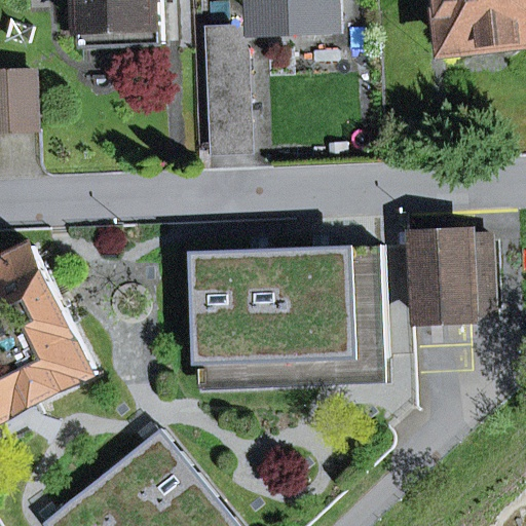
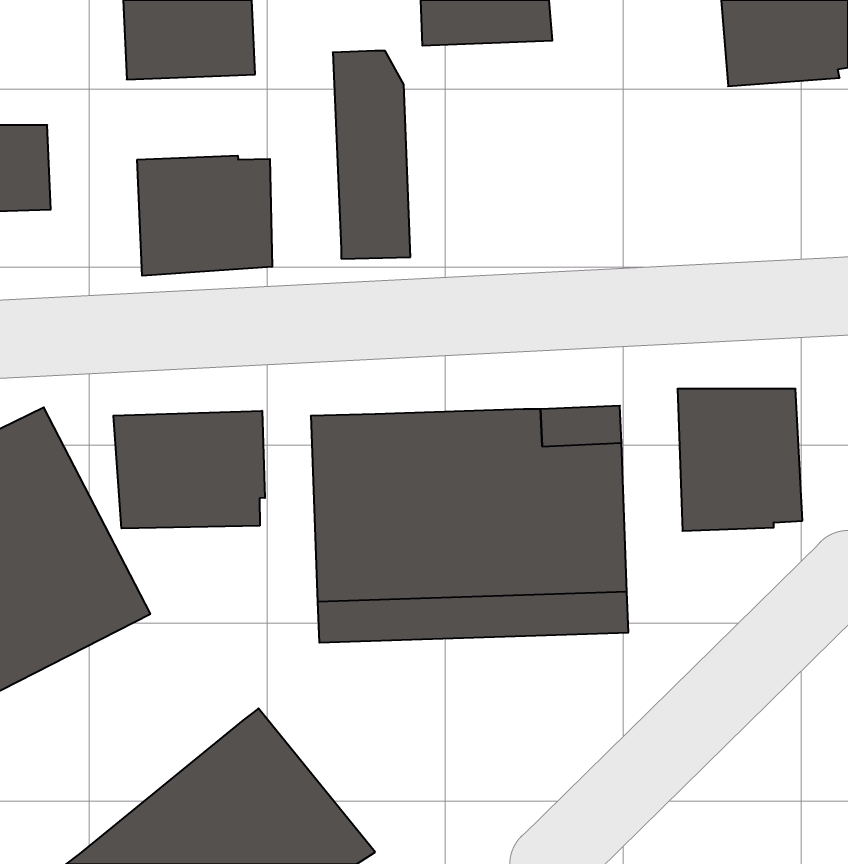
building: none -> [137,156,272,276]
building: none -> [113,411,265,528]

